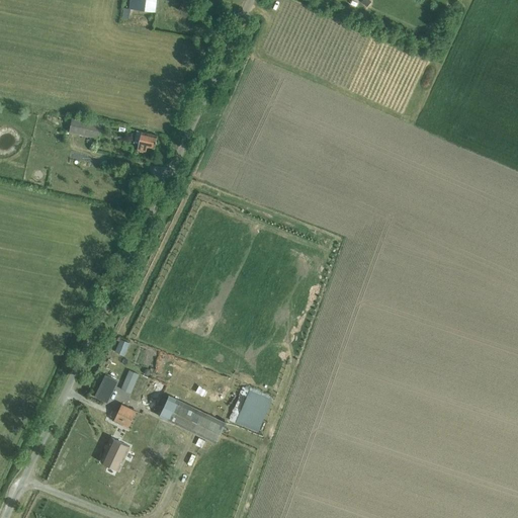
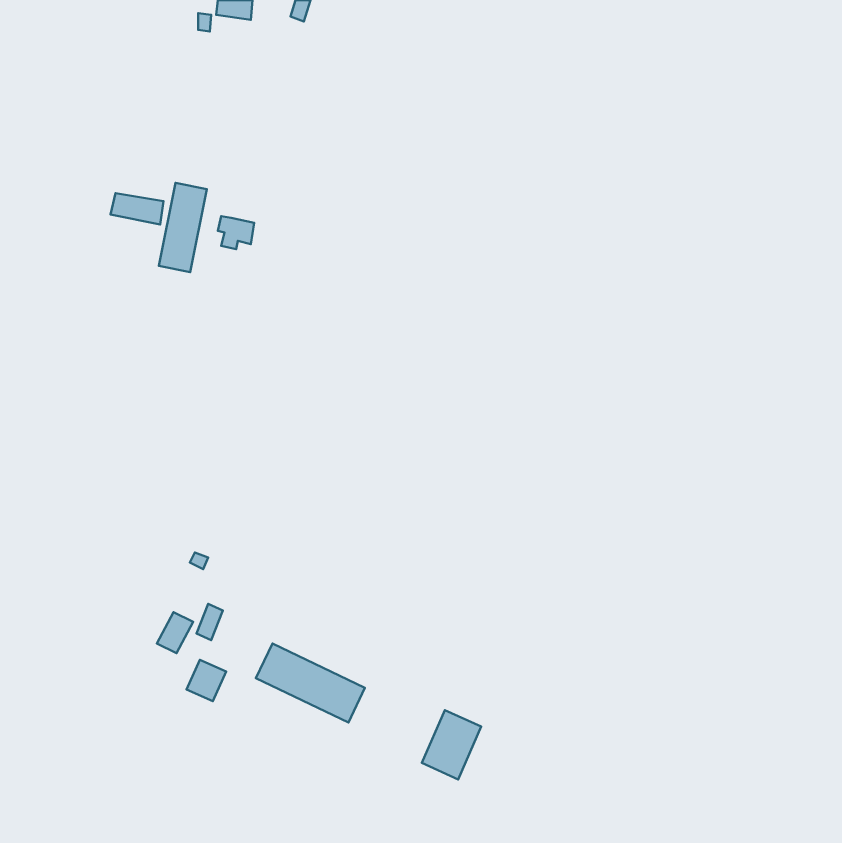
building: none -> [159,183,207,272]
building: [234,392,270,434] -> [422,710,481,779]
building: [99,438,128,470] -> none

